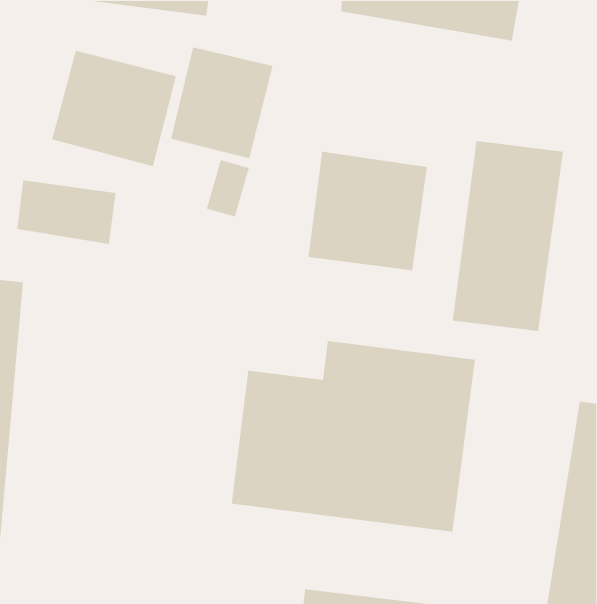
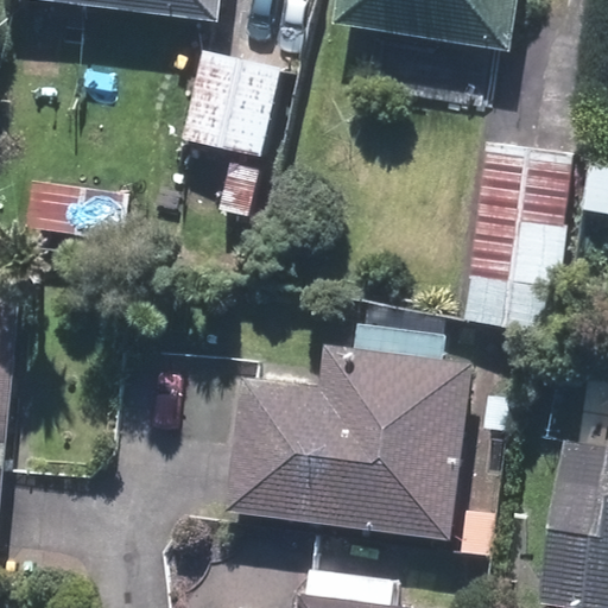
building: [51,50,177,167] -> none
building: [307,151,428,271] -> none

